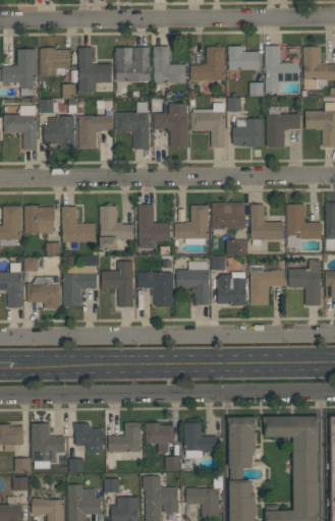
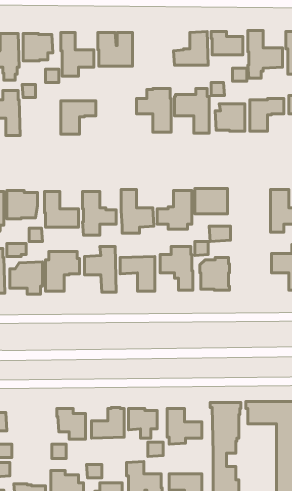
building: [154,47,185,83] -> none
building: [116,103,149,150] -> none
building: [44,116,75,150] -> none
building: [250,206,283,245] -> none
building: [249,266,284,305] -> none
building: [33,423,65,469] -> none

